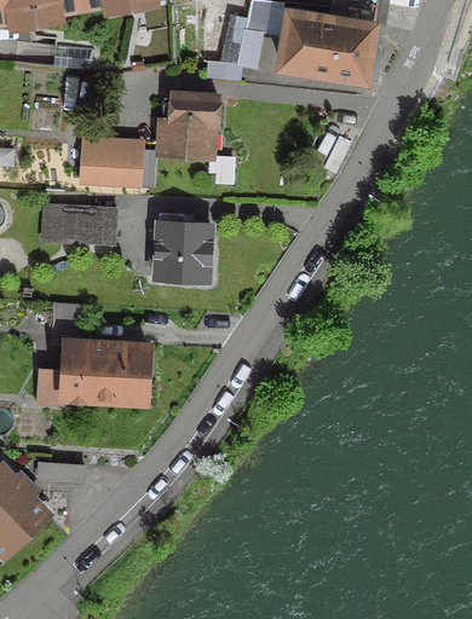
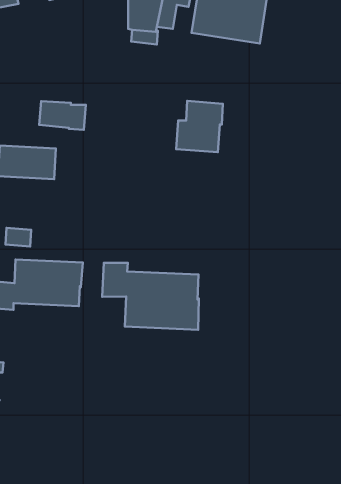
building: [159,94,215,157] -> [176,101,223,152]
building: [154,214,208,280] -> none
building: none -> [102,263,199,330]

